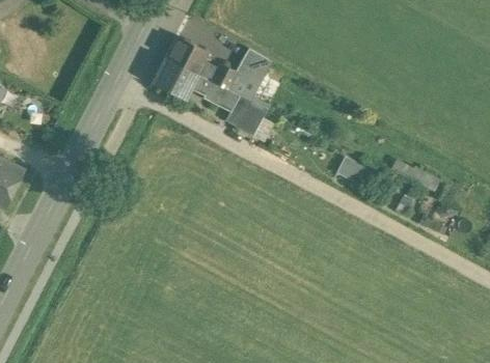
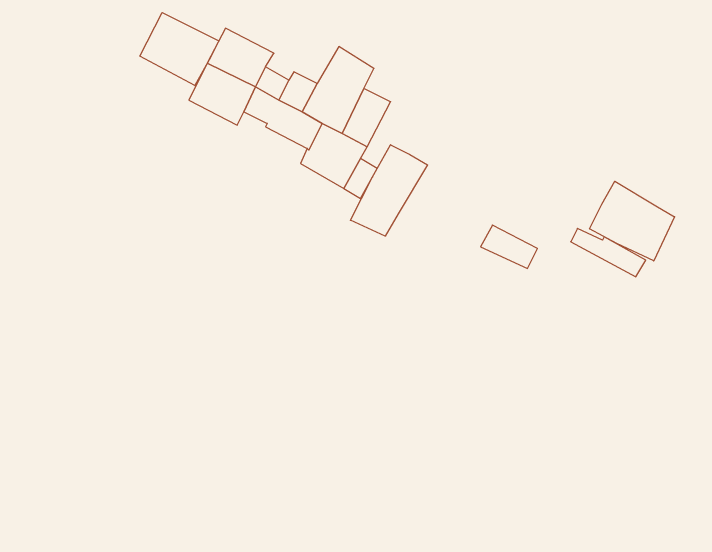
building: none -> [140,13,219,86]
building: none -> [350,145,428,236]
building: none -> [590,181,675,261]

